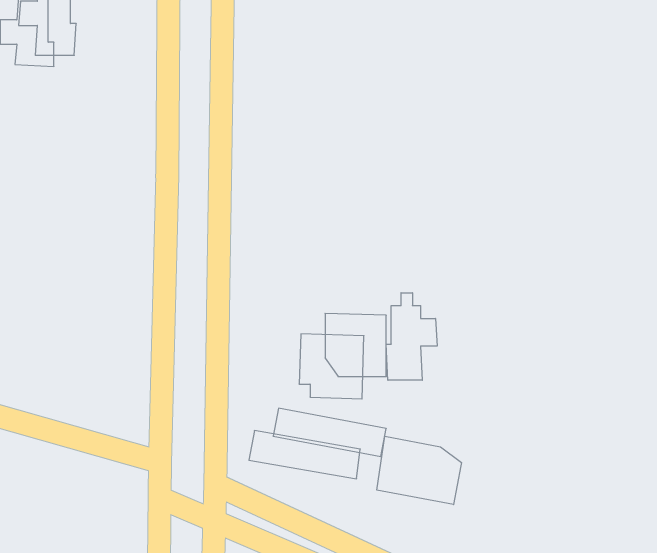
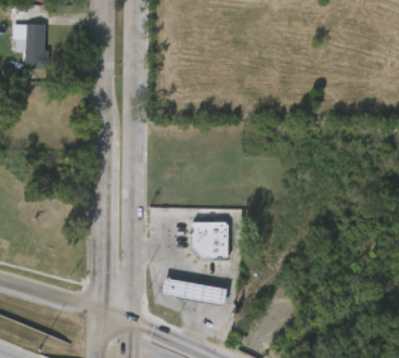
building: [386,293,437,380] -> none
building: [377,436,462,505] -> none

